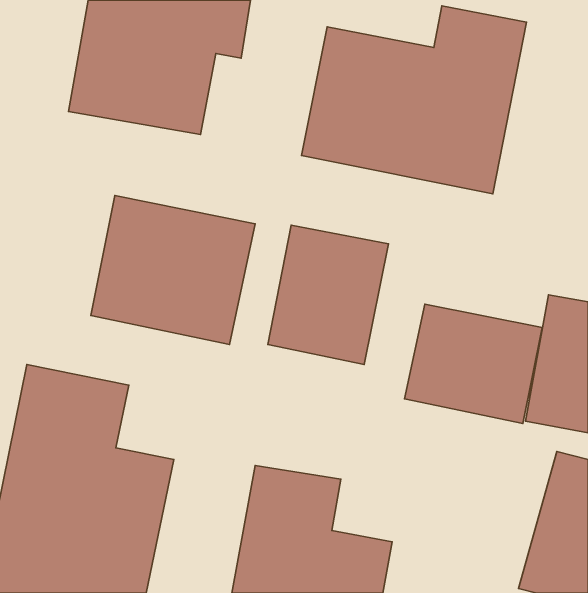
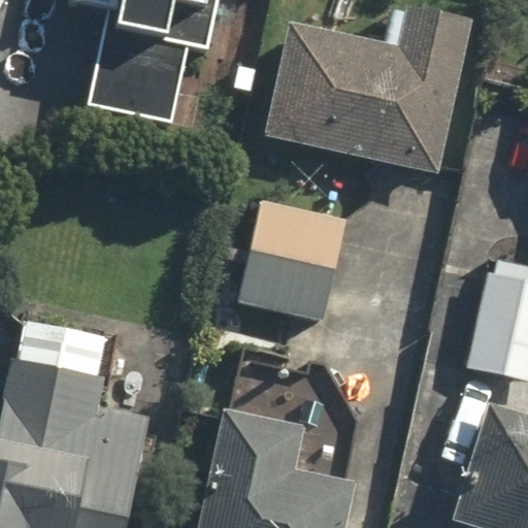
building: [91,195,255,345] -> none
building: [405,304,542,424] -> none

